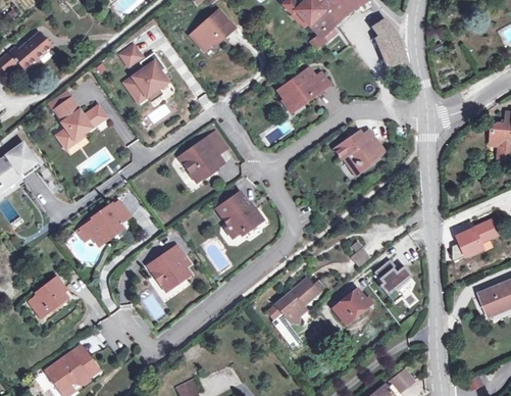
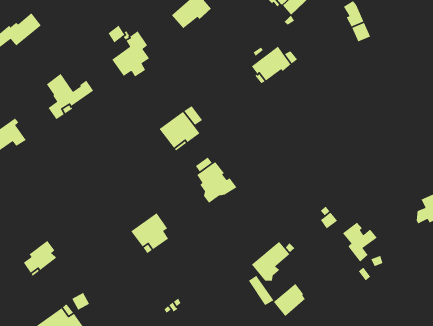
building: [334,129,380,165] -> none
building: [76,201,129,241] -> none
building: [334,287,369,324] -> [273,283,306,317]

